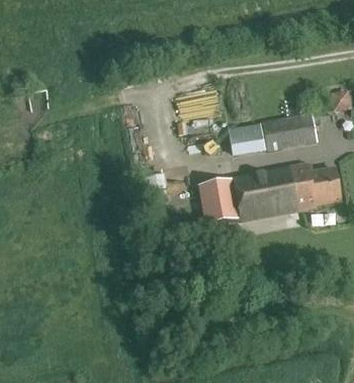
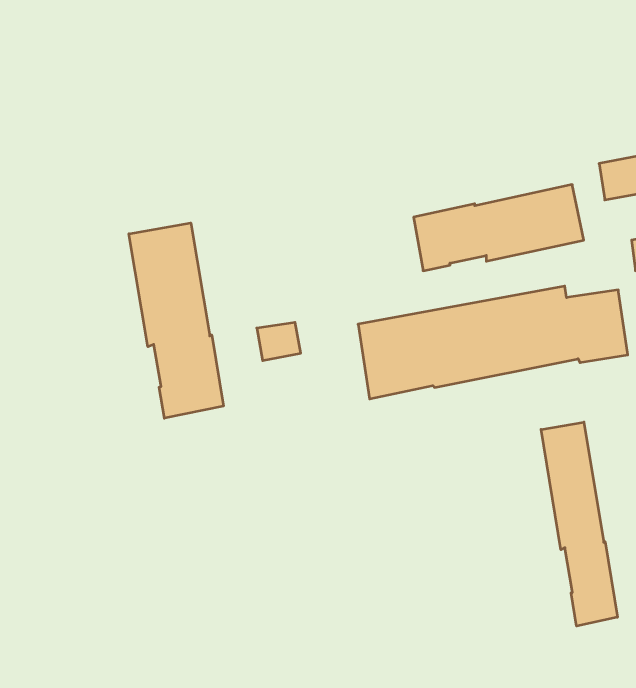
building: none -> [129,223,223,418]
building: none -> [541,422,617,626]

